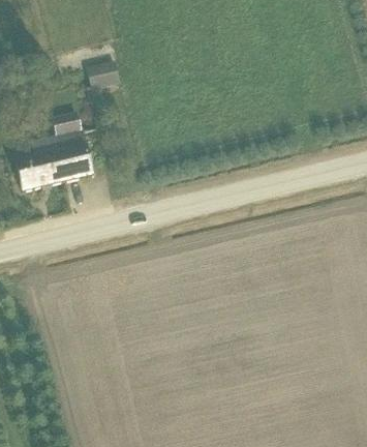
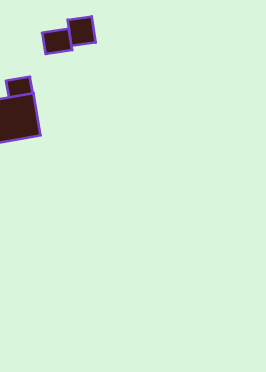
building: none -> [68,16,96,46]

